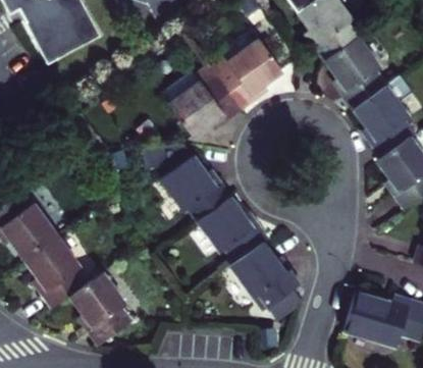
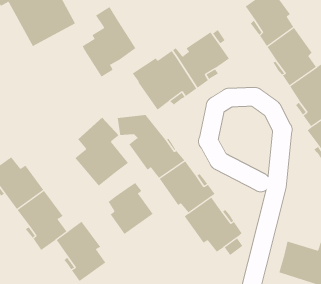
building: none -> [82,6,136,78]
building: none -> [75,117,129,187]
building: none -> [108,182,153,235]

